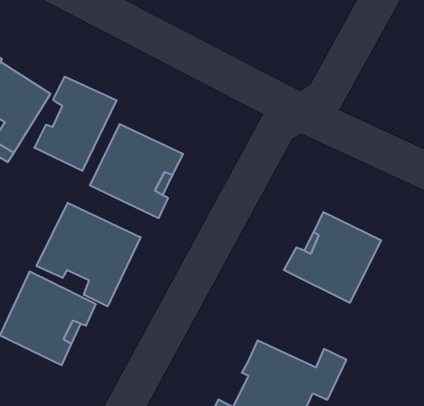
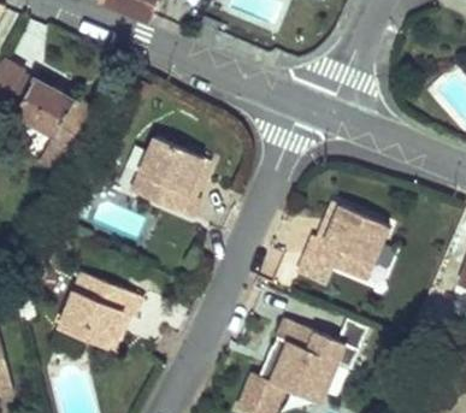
building: [34,77,117,171] -> none
building: [37,203,141,306] -> none

